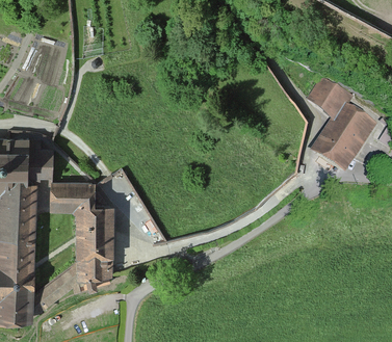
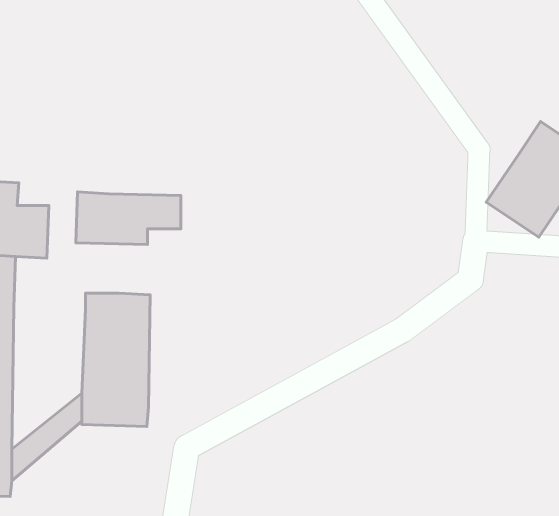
building: [305,77,348,120] -> none
building: [32,181,95,212] -> [76,192,181,244]

